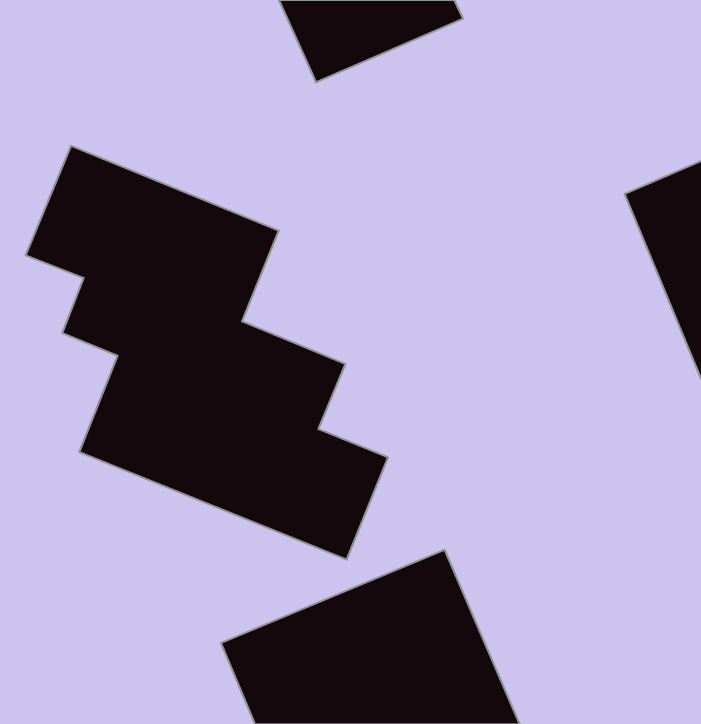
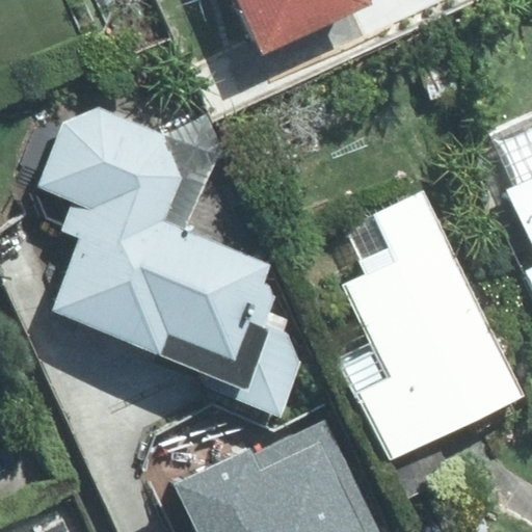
building: none -> [347,234,510,452]

